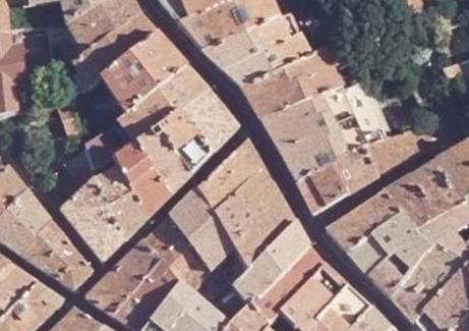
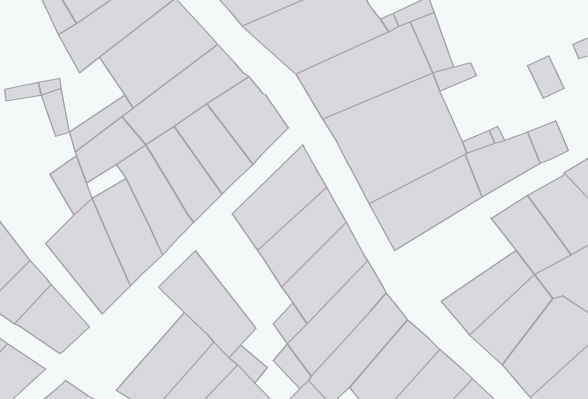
building: [171,187,236,270] -> none
building: [327,190,402,251] -> none
building: [87,240,163,315] -> none

